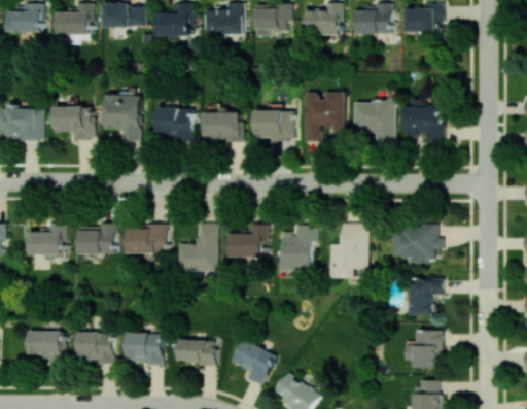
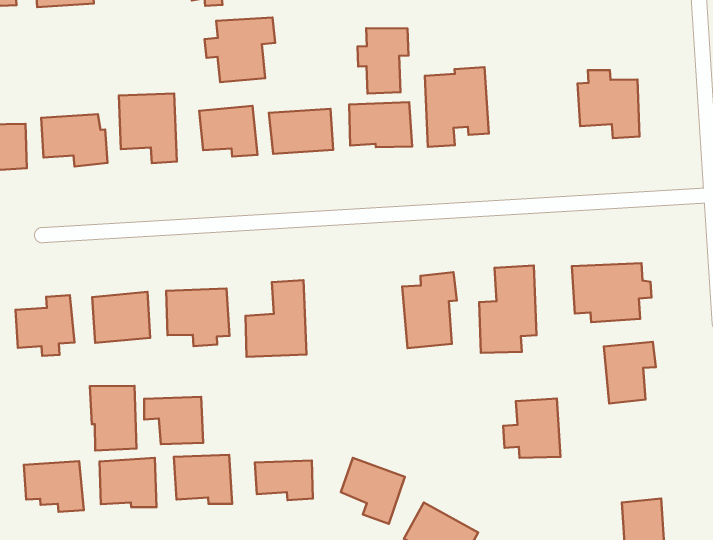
building: none -> [205,17,275,82]
building: none -> [357,28,409,93]
building: [353,101,395,142] -> none
building: [229,223,268,257] -> none
building: none -> [90,386,136,450]
building: none -> [144,397,203,444]
building: [406,330,442,368] -> [503,398,561,458]

